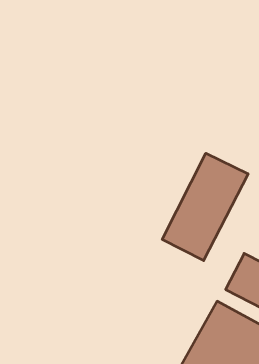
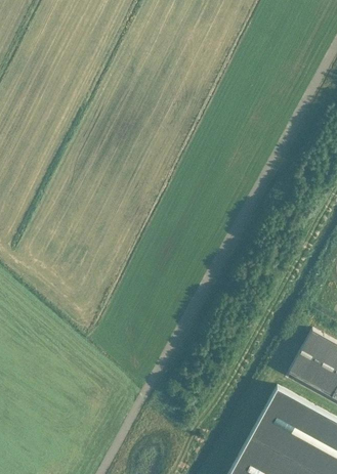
building: [162,153,248,261] -> none

